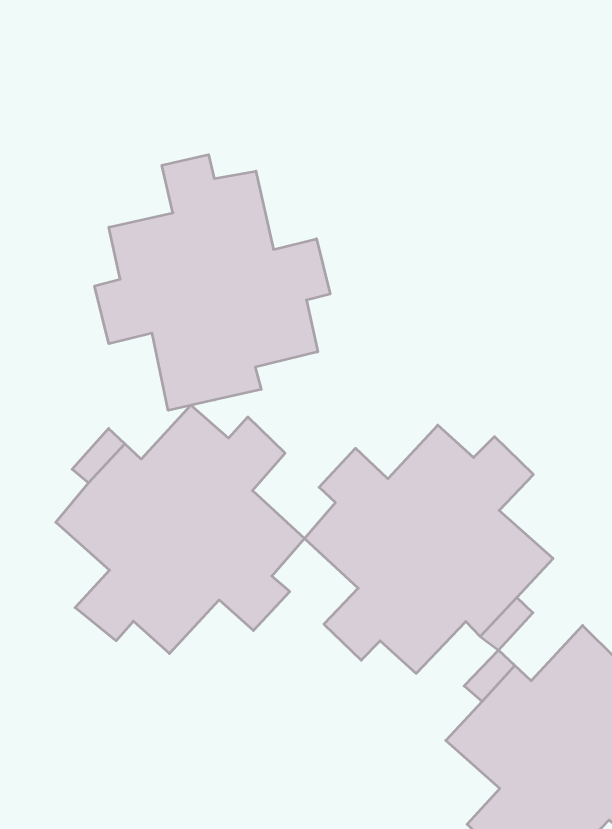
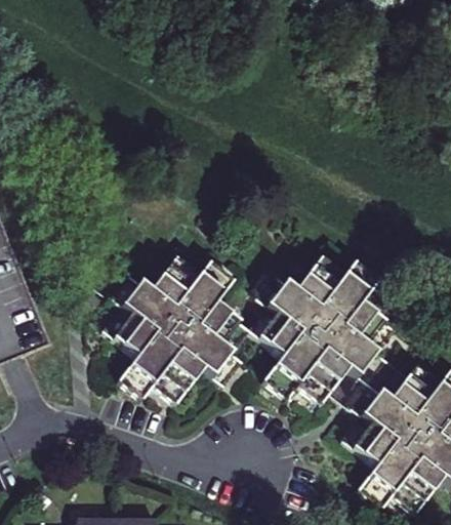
building: [95,155,330,410] -> none

